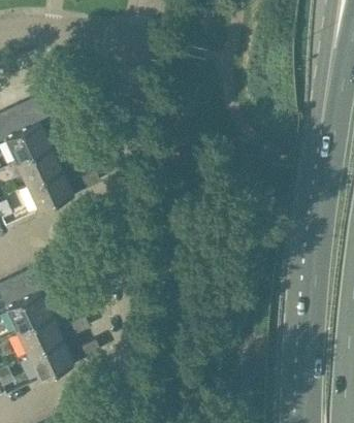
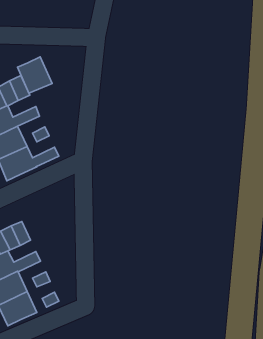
building: none -> [17,57,52,93]

